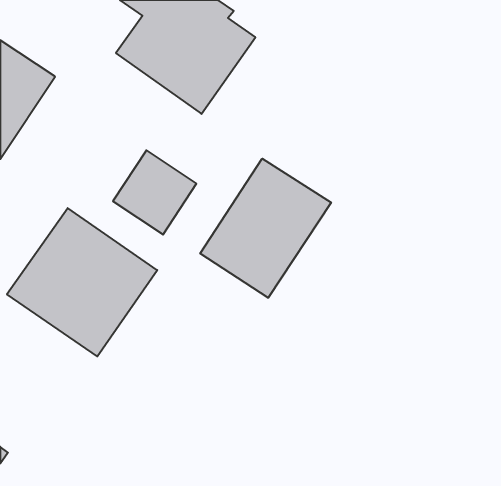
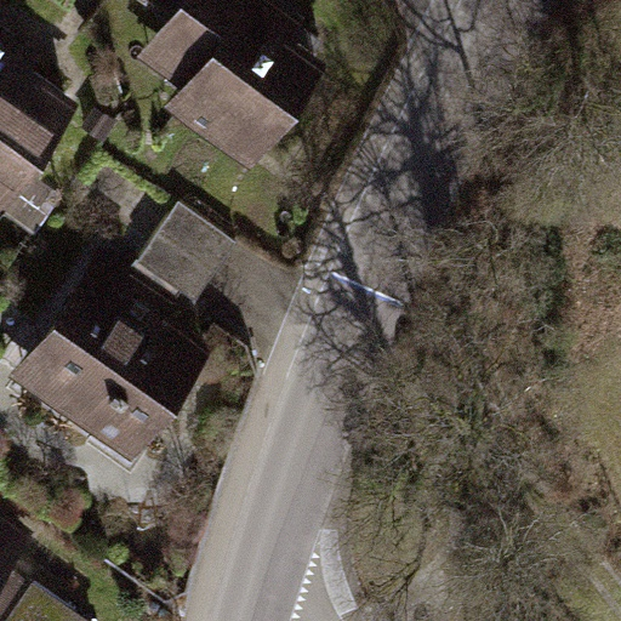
building: [200,159,331,298] -> none

